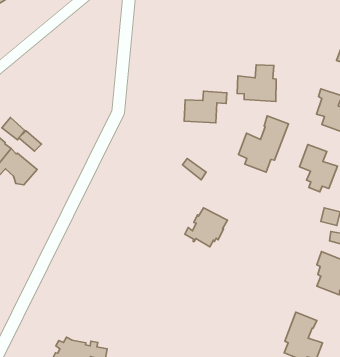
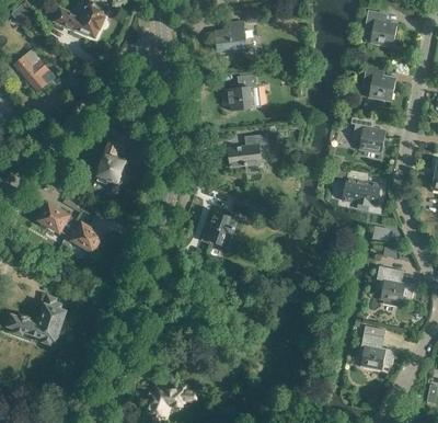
building: none -> [95,128,127,185]
building: [237,65,276,102] -> [221,75,261,111]
building: [238,116,289,172] -> none
building: [185,208,227,247] -> [201,213,239,248]

